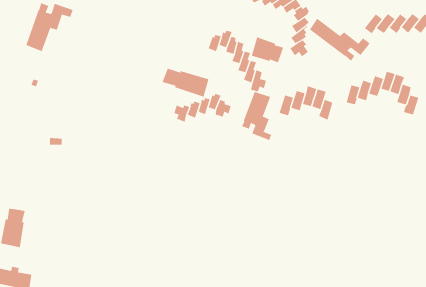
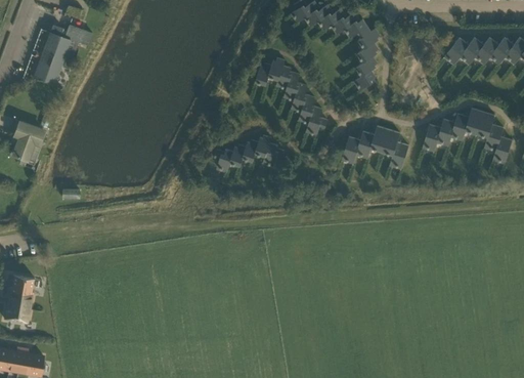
building: [309,18,370,62] -> none
building: [251,37,284,63] -> none
building: [162,68,209,97] -> none
building: none -> [13,121,43,160]
building: [241,91,272,141] -> none

